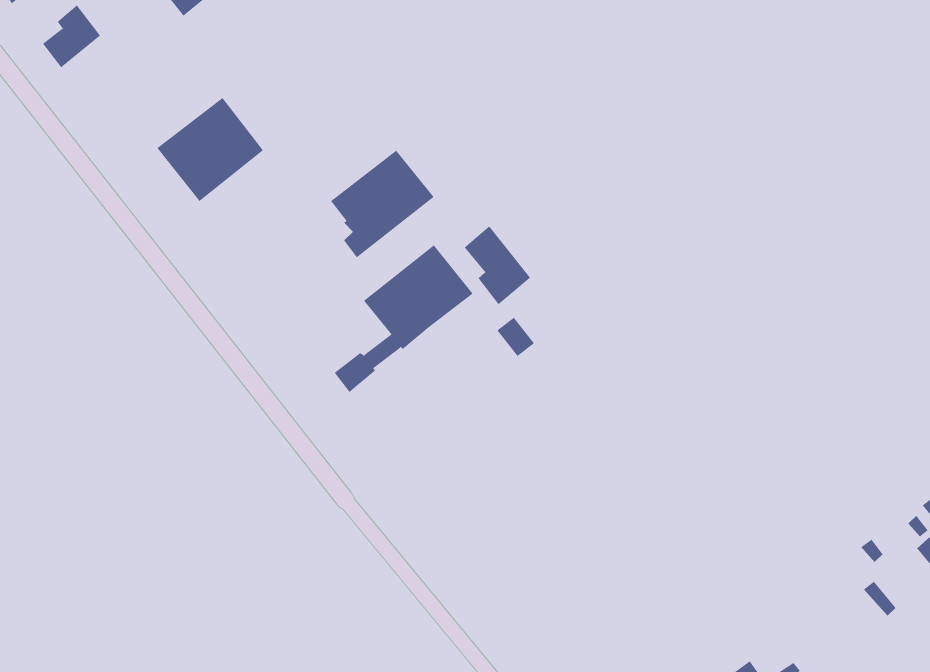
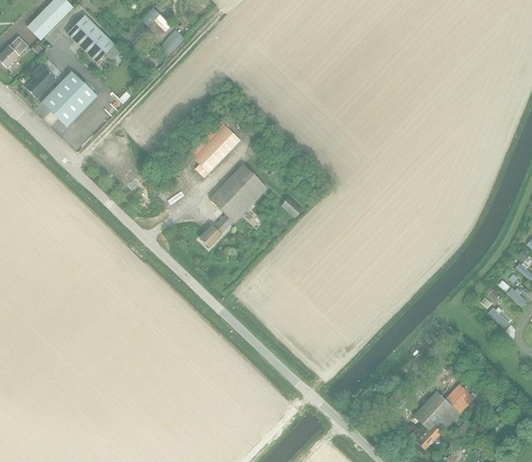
building: [156,97,264,202] -> [41,71,97,127]
building: [464,226,531,305] -> none

